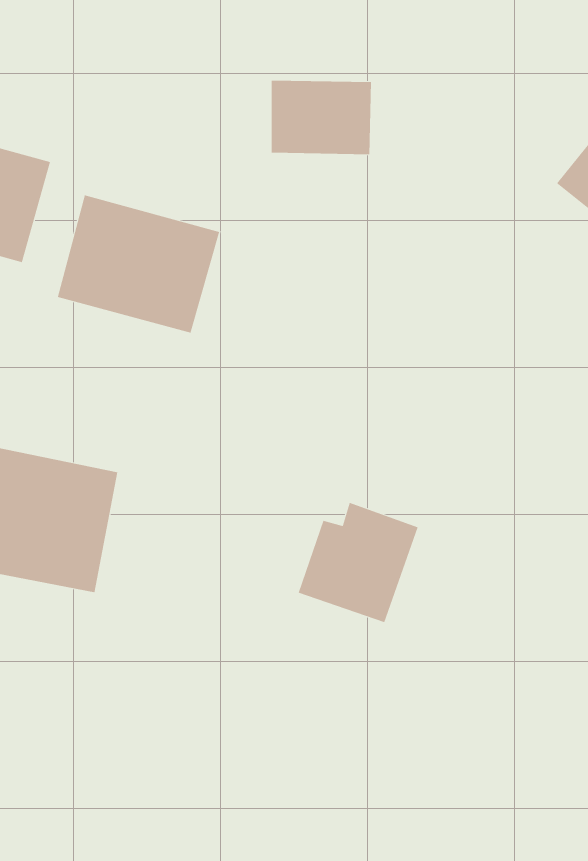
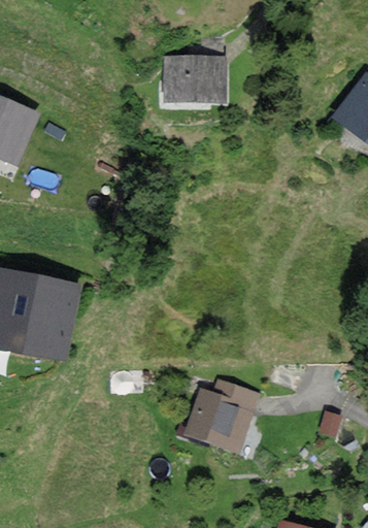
building: [57,195,220,333] -> none
building: [298,502,418,623] -> [187,381,257,451]

